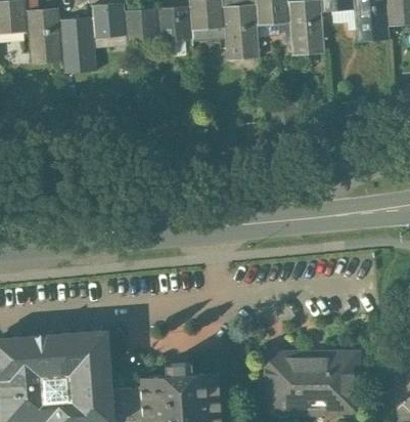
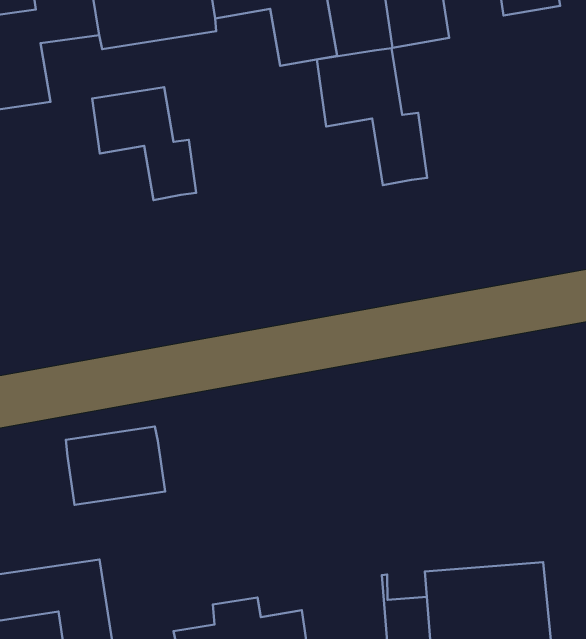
building: none -> [317,48,427,185]
building: none -> [92,87,196,200]
building: none -> [66,427,165,505]

